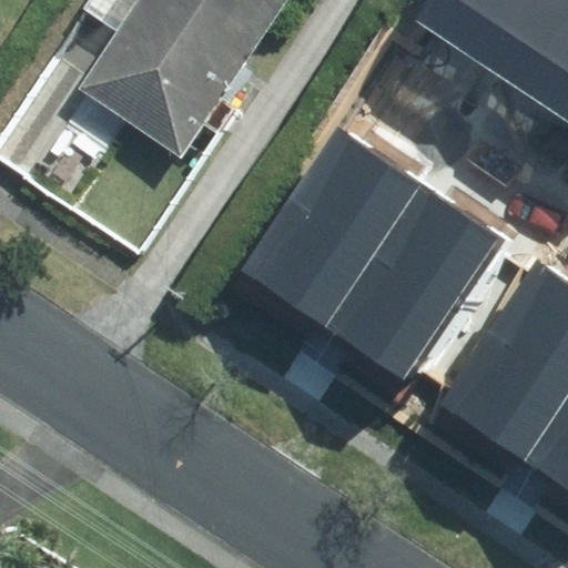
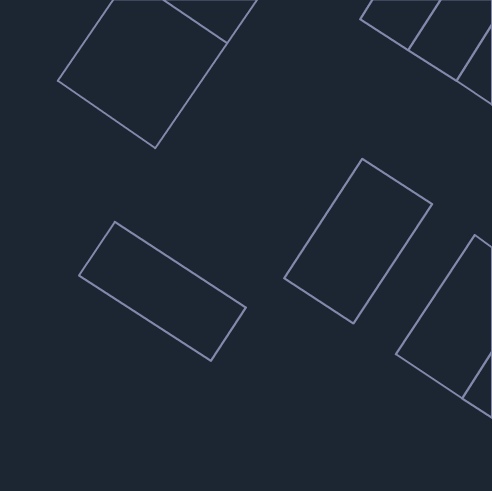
building: [246,131,417,321] -> none
building: none -> [79,222,246,361]

